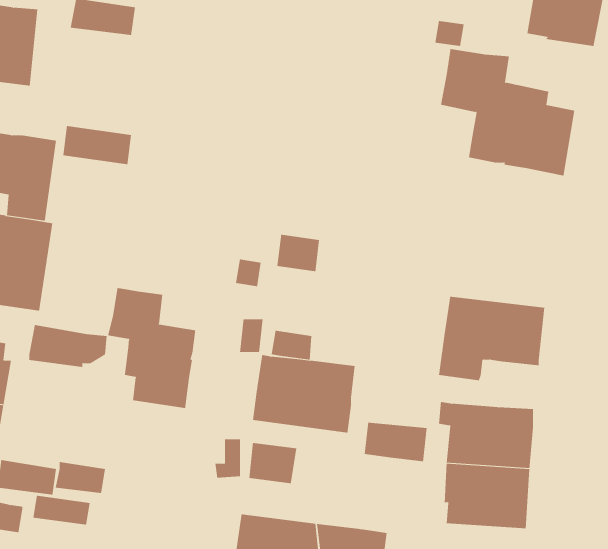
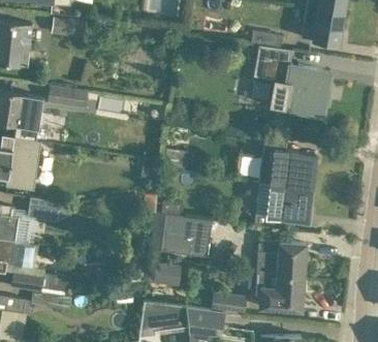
building: none -> [259,137,316,189]
building: [108,287,196,409] -> none
building: [364,422,428,462] -> [211,293,246,315]

